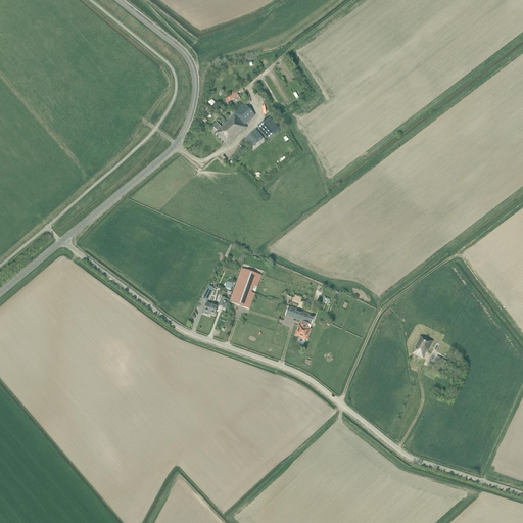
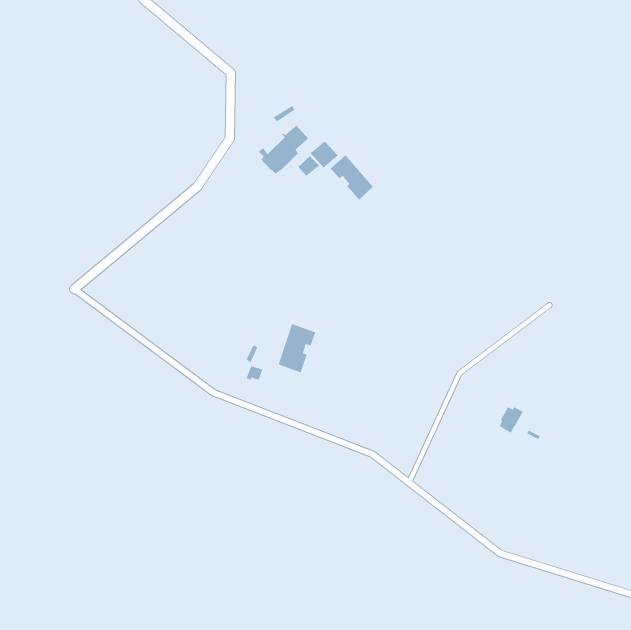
building: none -> [330,155,374,200]
building: [285,306,315,339] -> none

